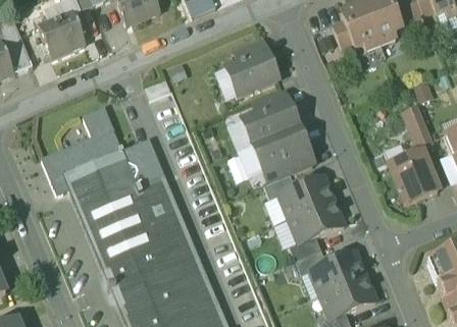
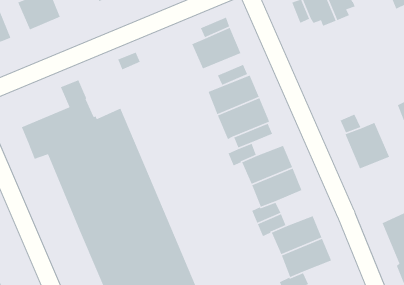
building: [404,107,433,147] -> none

